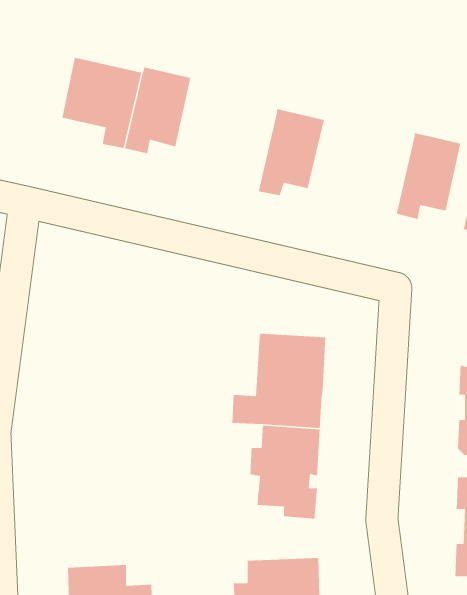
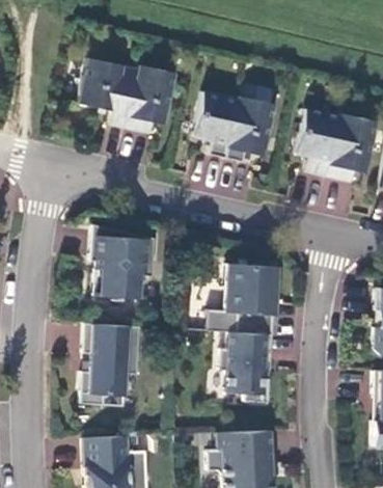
building: none -> [194,92,240,159]
building: none -> [297,109,343,175]
building: none -> [90,224,155,301]
building: none -> [81,323,141,405]

